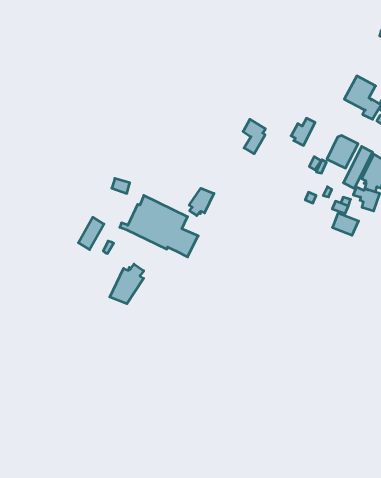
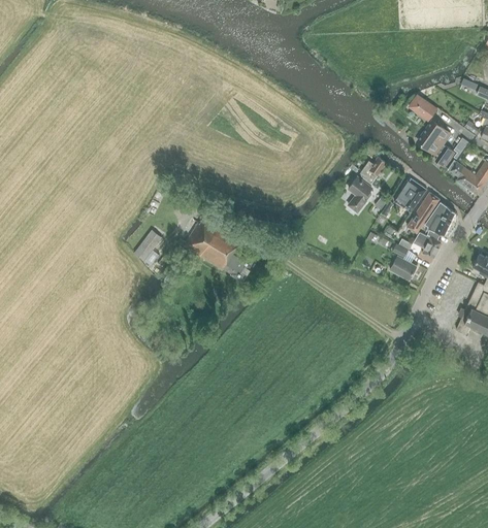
building: none -> [406,94,436,122]
building: [243,119,265,154] -> [348,177,371,212]
building: [189,188,214,216] -> none
building: [110,264,144,304] -> none

